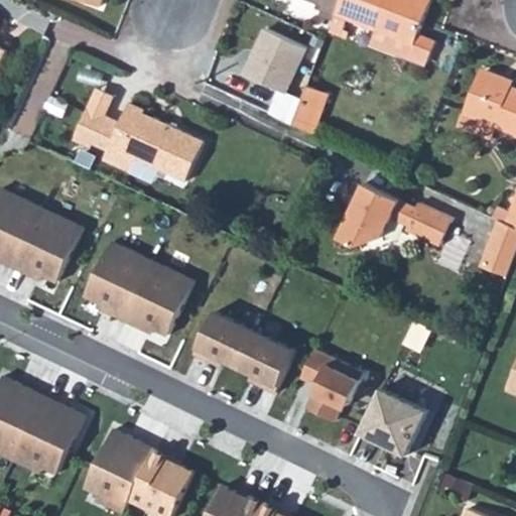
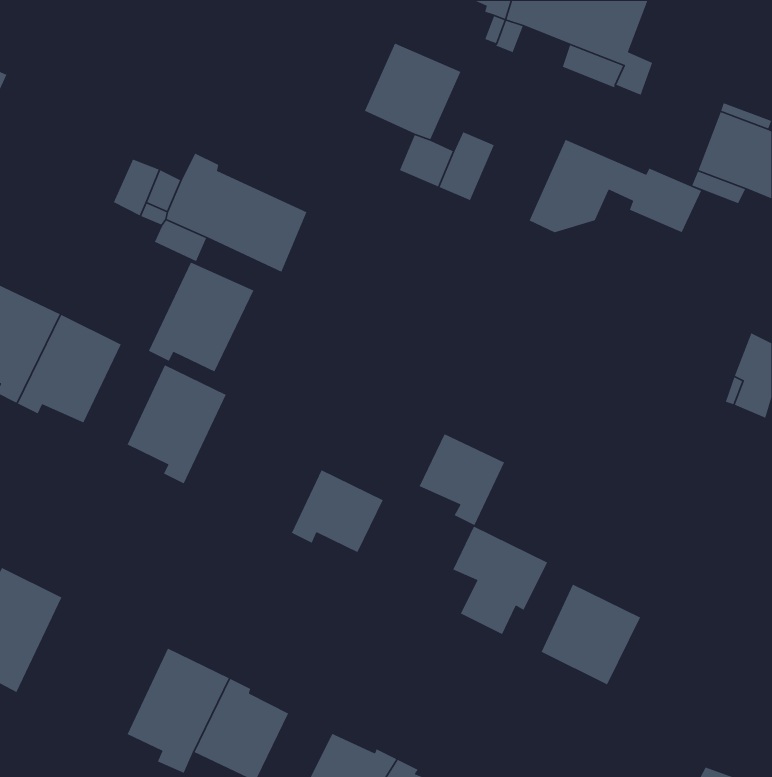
building: [339,182,454,245] -> [528,139,702,233]
building: [122,262,192,336] -> [148,261,254,373]
building: [237,332,294,393] -> [418,433,505,526]
building: [11,396,83,474] -> none

